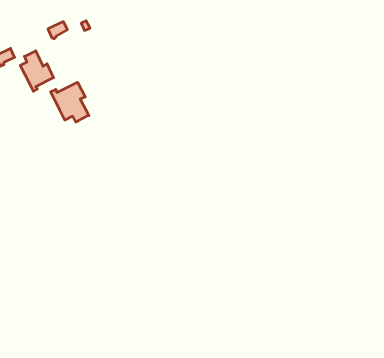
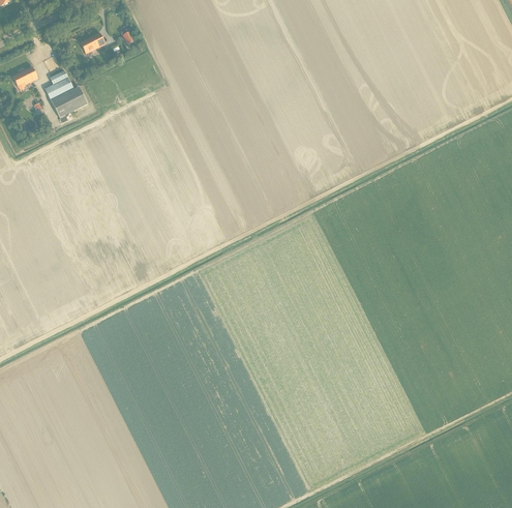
building: [51,82,89,122] -> none

